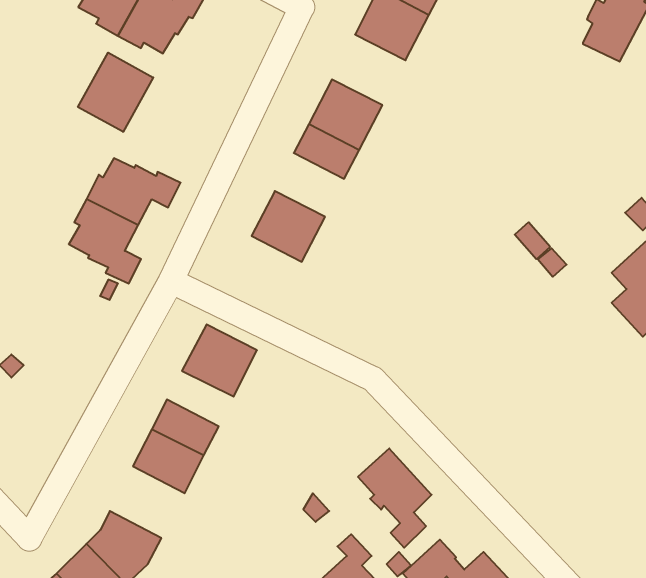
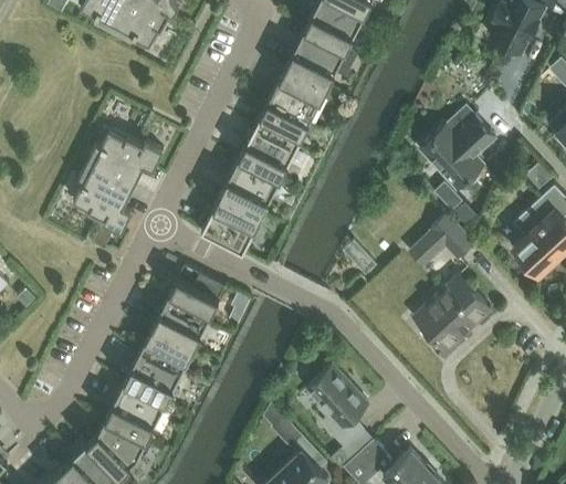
building: none -> [287,30,347,87]
building: [78,53,153,132] -> none
building: none -> [420,115,496,190]
building: none -> [241,126,297,178]
building: none -> [202,193,263,253]
building: none -> [410,214,474,265]
building: none -> [415,275,491,357]
building: none -> [154,303,208,348]
building: none -> [107,380,168,439]

